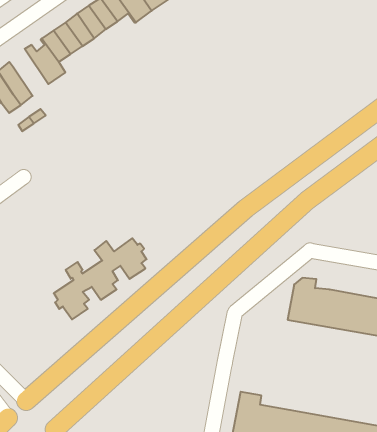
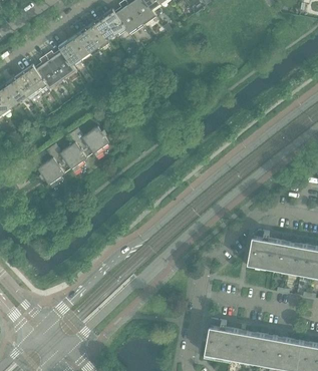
building: none -> [36,56,63,91]
building: [54,238,147,319] -> [37,126,108,189]

